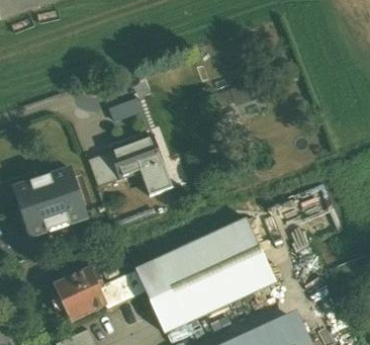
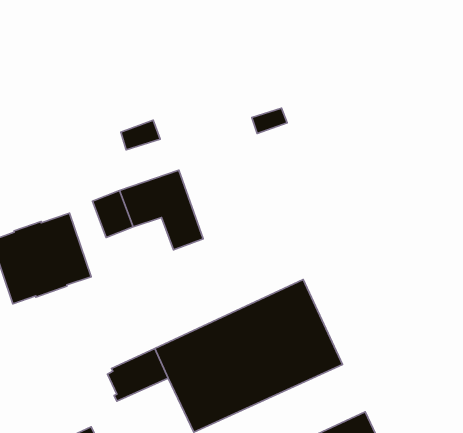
building: [53,267,106,321] -> none

